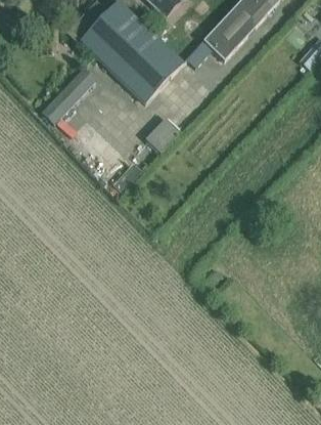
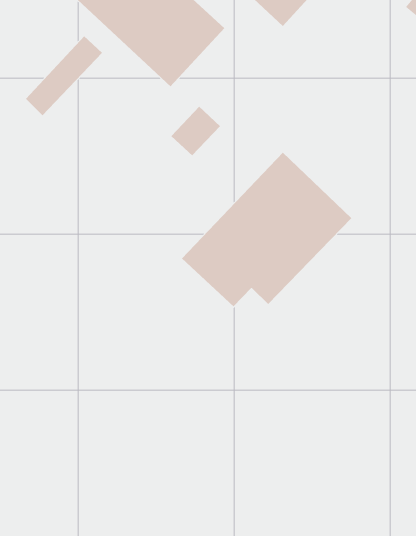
building: none -> [181,152,352,307]

